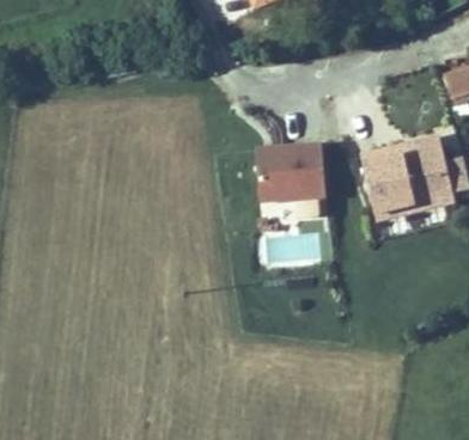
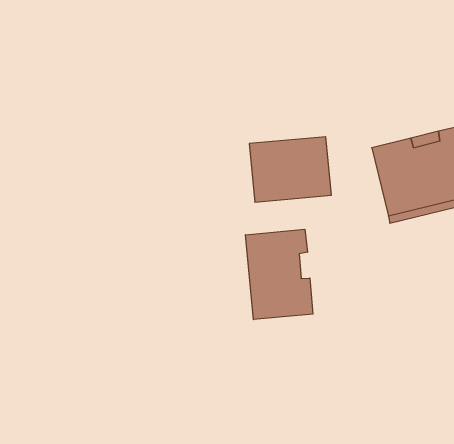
building: none -> [246,229,313,320]

